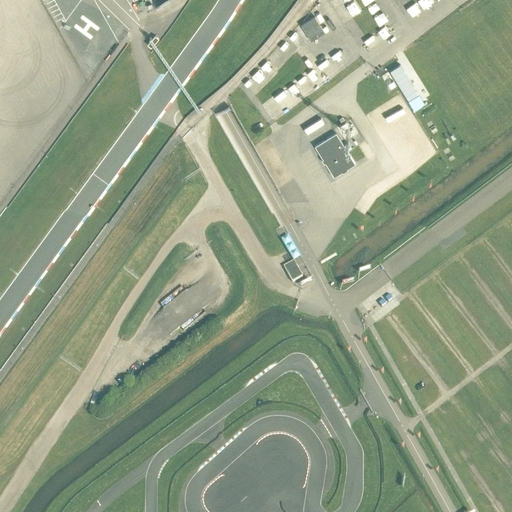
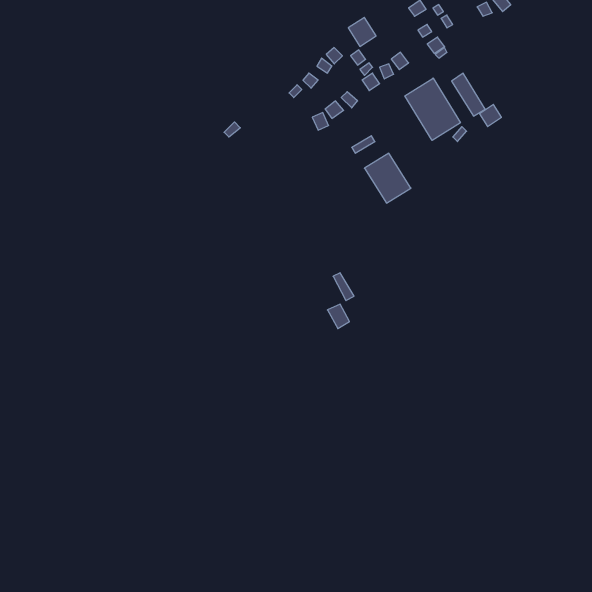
building: none -> [405,78,460,140]

